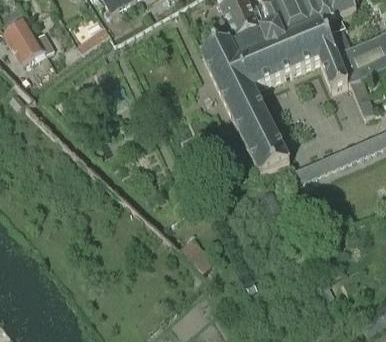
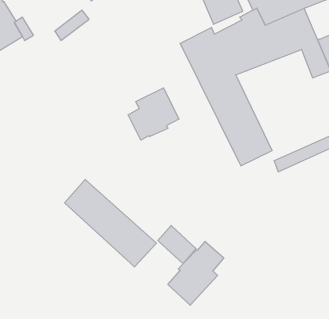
building: none -> [128,88,179,140]
building: none -> [65,179,156,267]
building: none -> [168,241,224,305]

